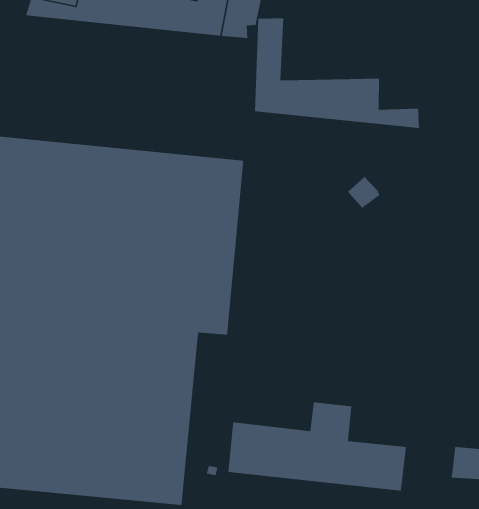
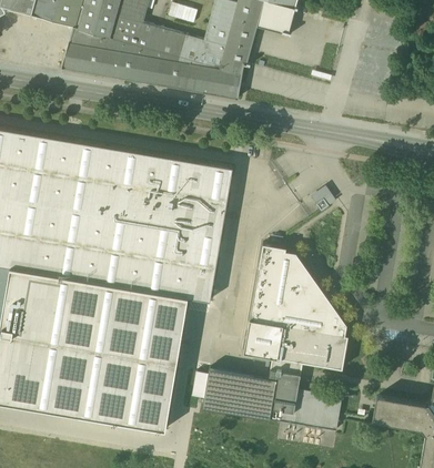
building: none -> [62,44,241,100]
building: [254,18,420,129] -> none
building: none -> [241,243,346,369]

